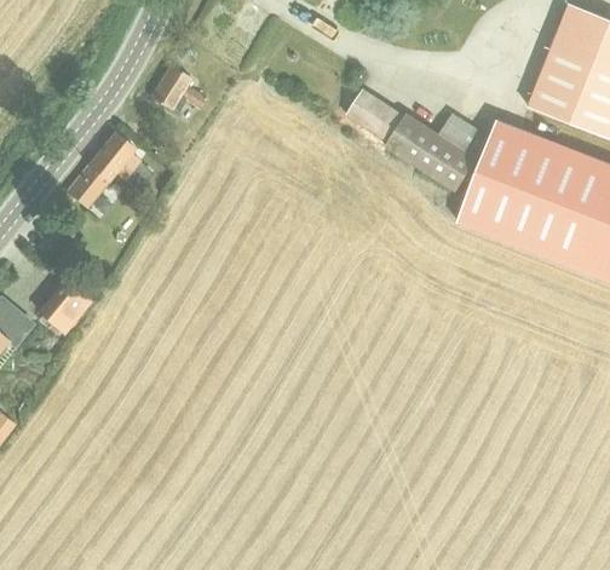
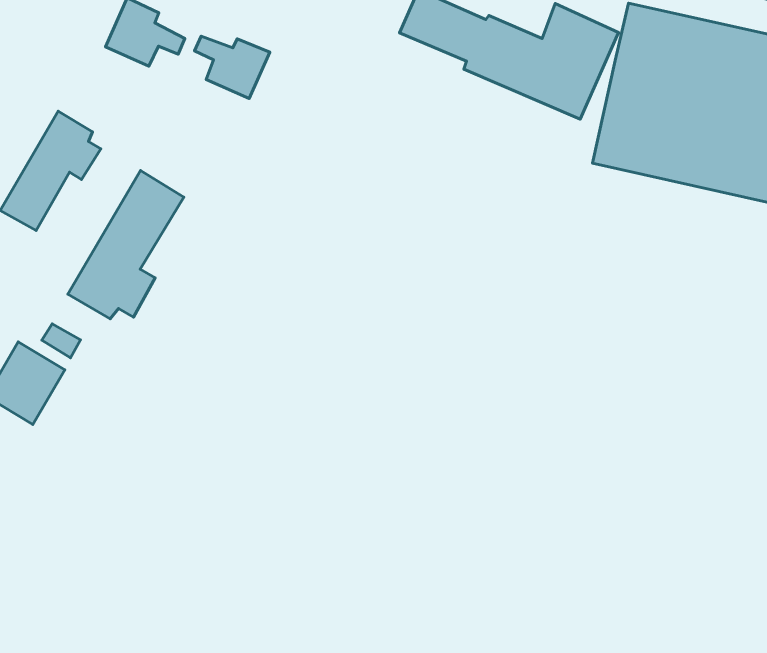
building: none -> [195,36,270,99]
building: none -> [68,170,184,319]

